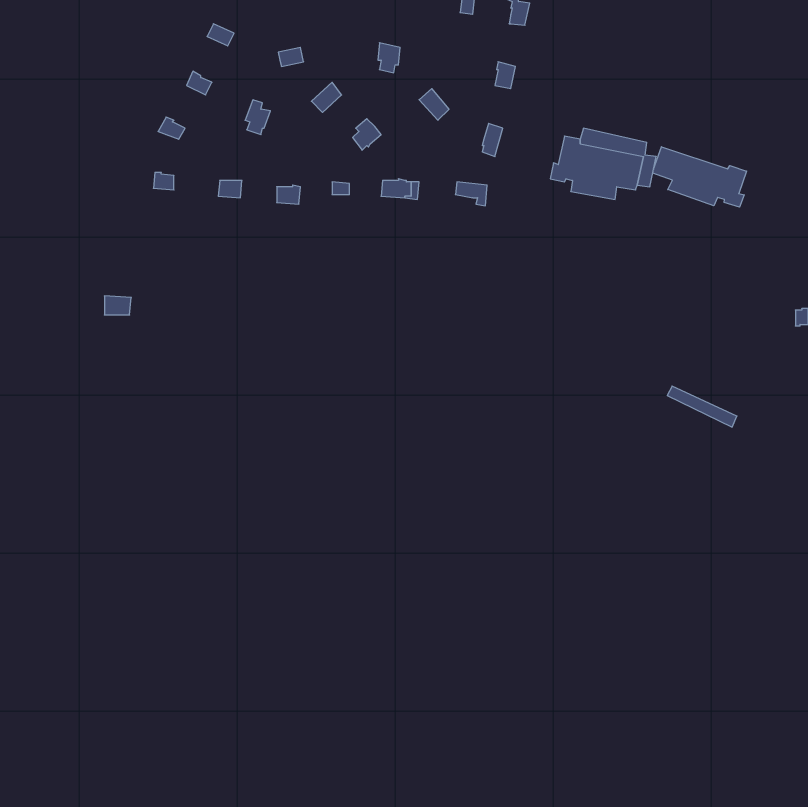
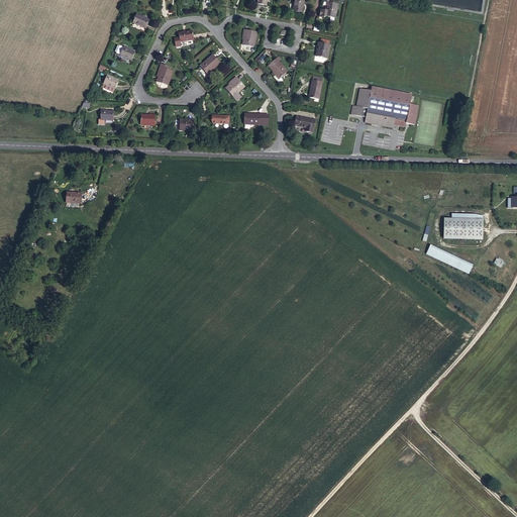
building: [653,147,747,207] -> none
building: none -> [444,218,483,239]

